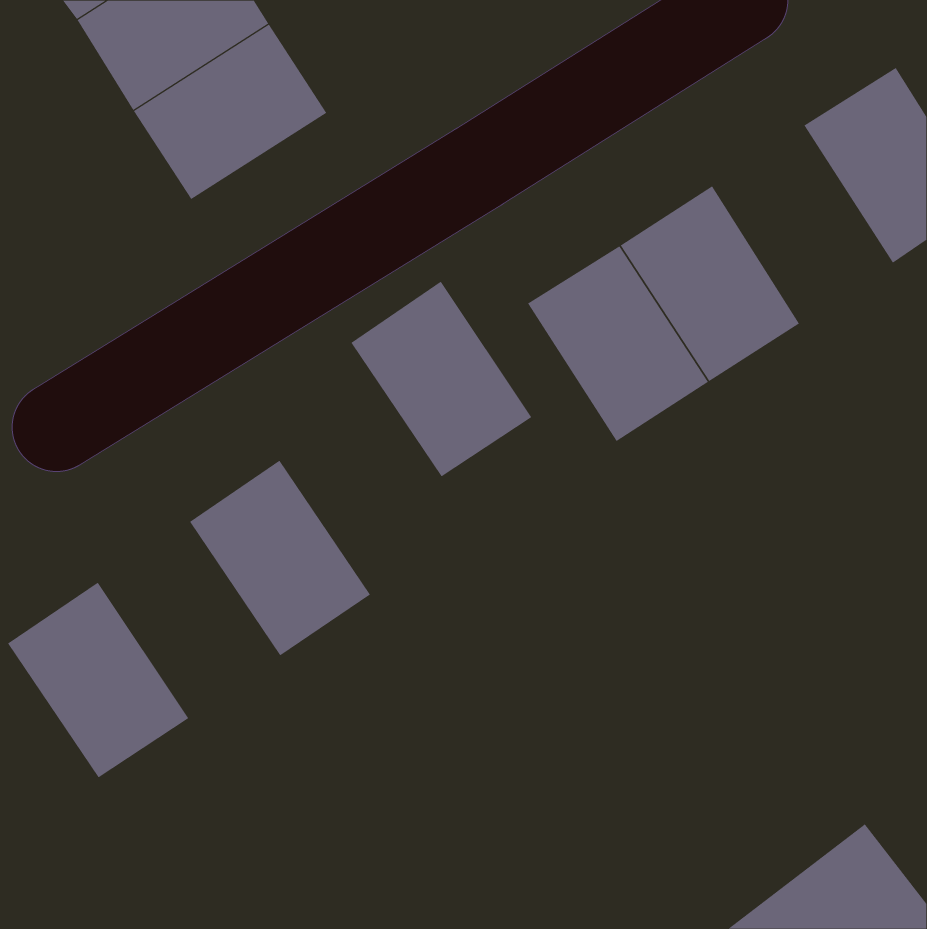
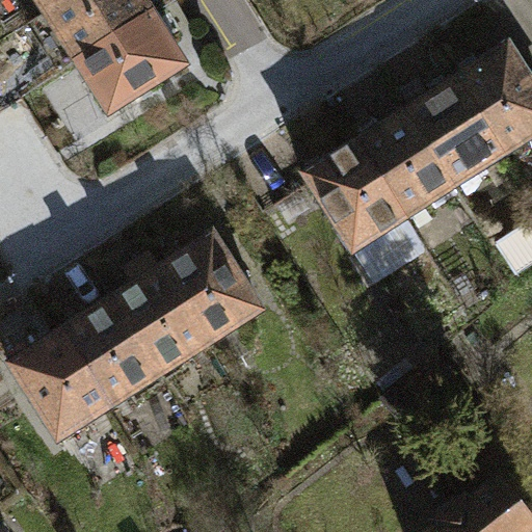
building: none -> [407,72,510,185]
building: [350,281,532,477] -> [160,228,264,340]
building: none -> [56,298,160,410]

